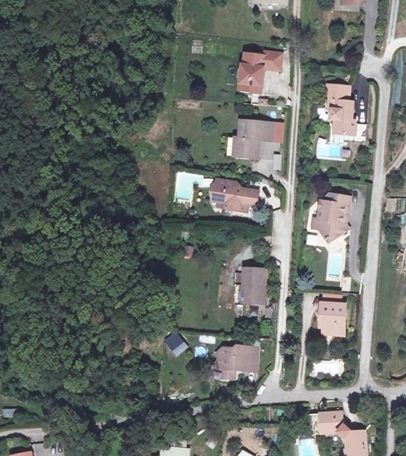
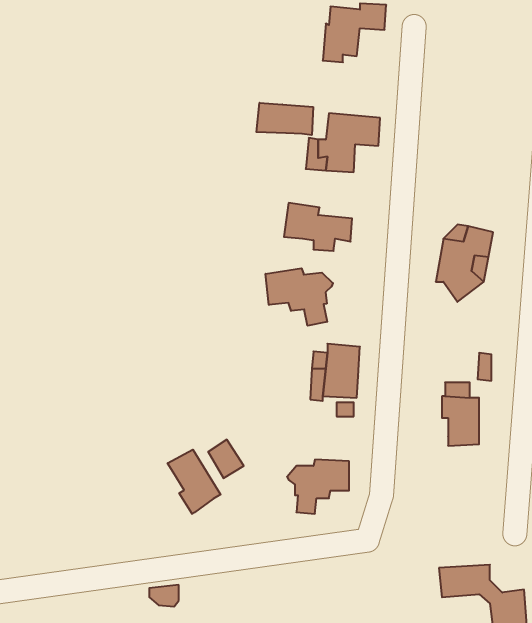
building: [328,86,356,135] -> none
building: none -> [256,103,313,135]
building: none -> [266,268,333,326]
building: none -> [168,450,221,514]

